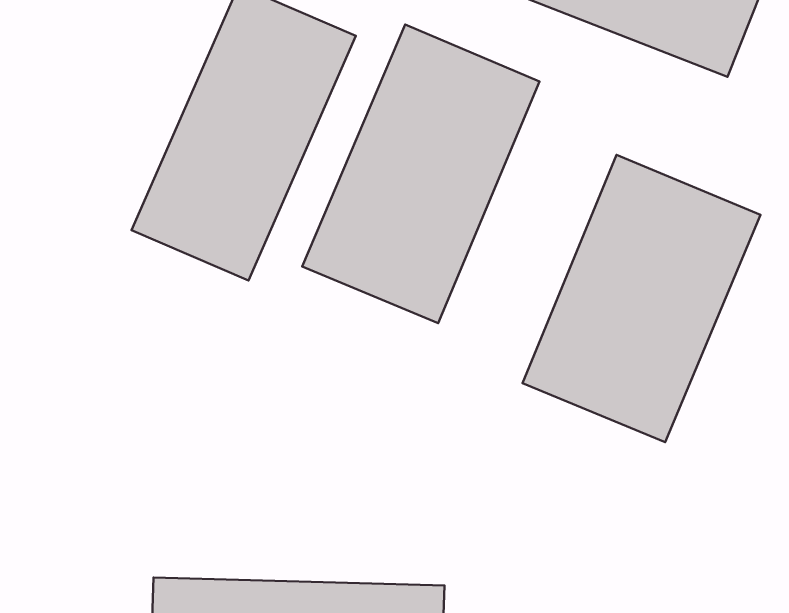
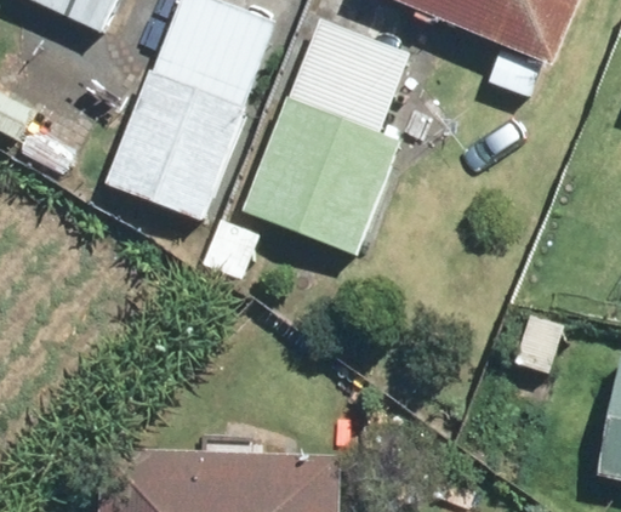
building: [522,155,760,442] -> none

